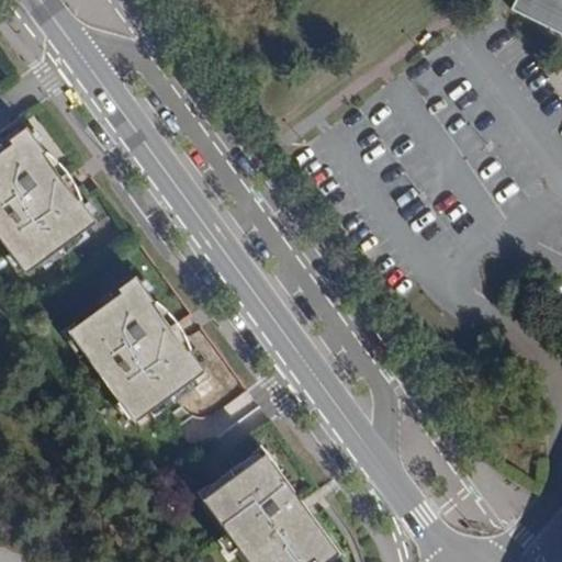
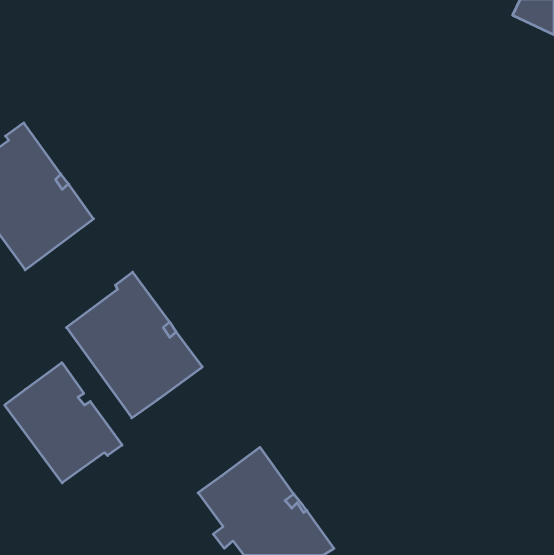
building: none -> [5,363,122,483]

